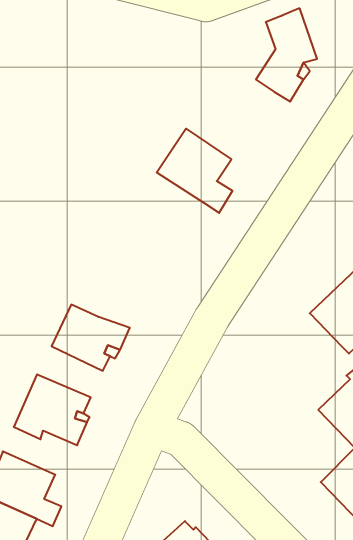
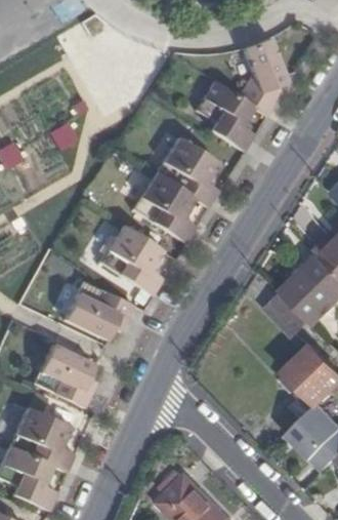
building: none -> [195,81,251,151]
building: none -> [129,173,193,242]
building: none -> [96,226,160,294]
building: none -> [260,290,306,334]

